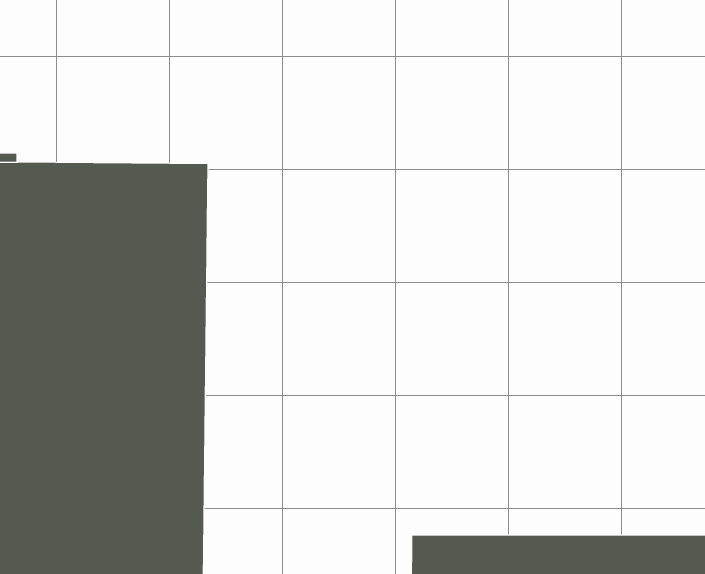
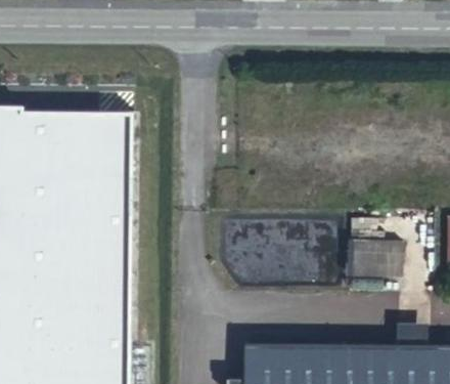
building: none -> [351,240,404,273]

